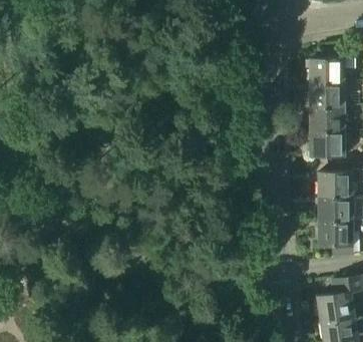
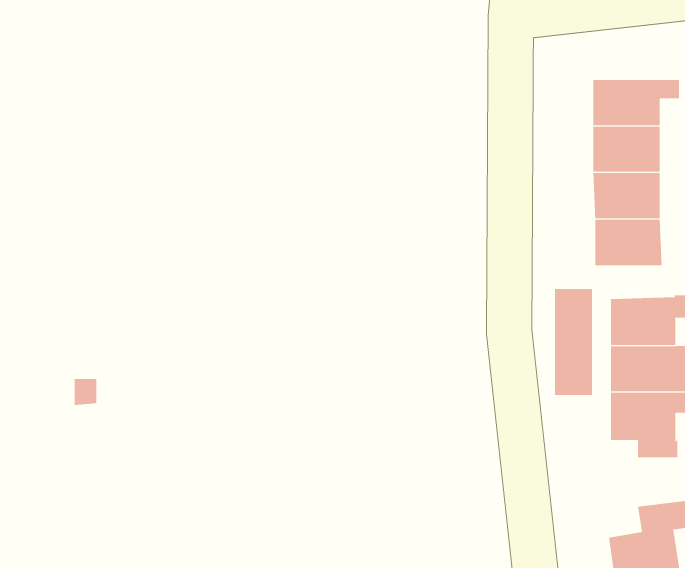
building: none -> [554,288,592,396]

